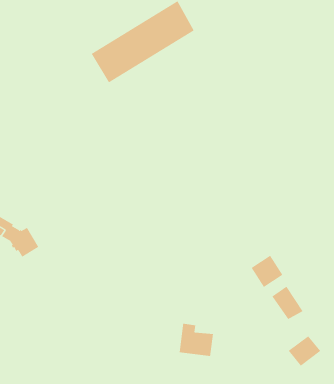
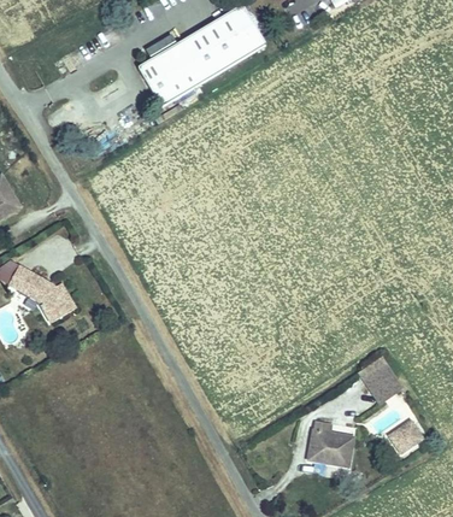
building: [251,255,283,288] -> none
building: [179,323,214,356] -> [307,422,351,463]

